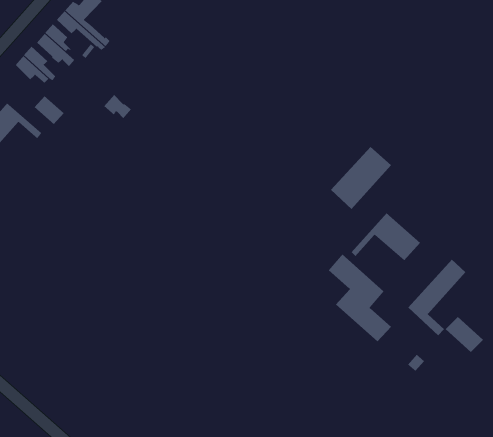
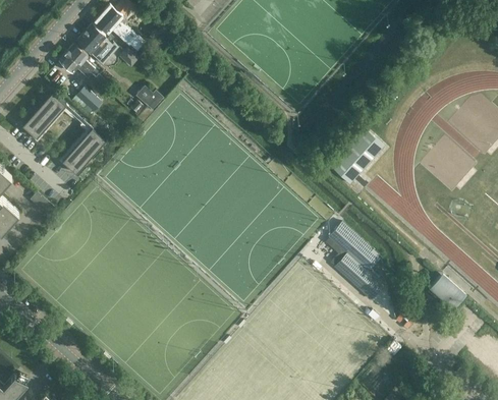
building: none -> [61,122,105,175]
building: [351,213,421,261] -> none
building: [408,259,466,336] -> none

